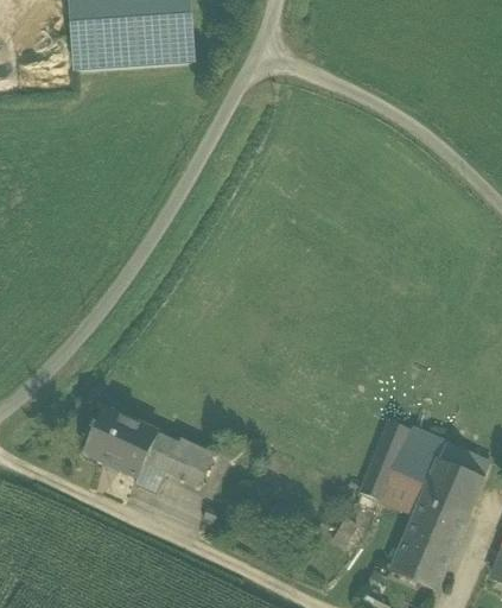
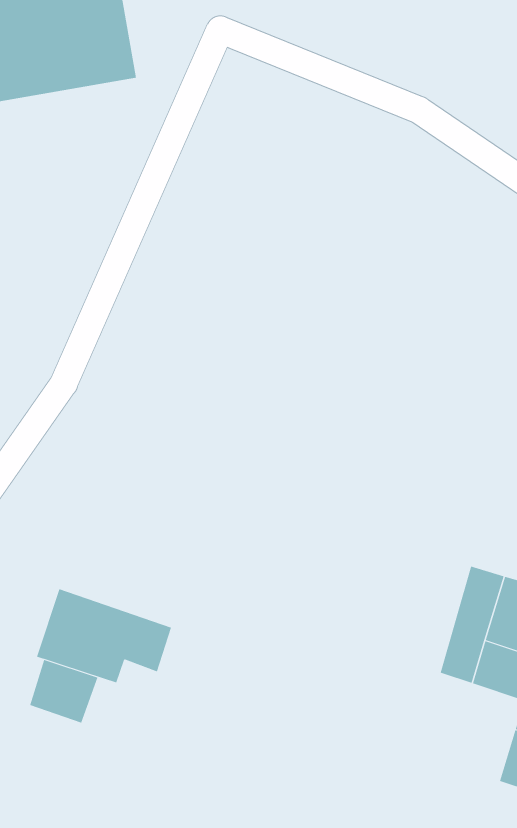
building: [165,438,212,487] -> none
building: none -> [29,659,98,723]

